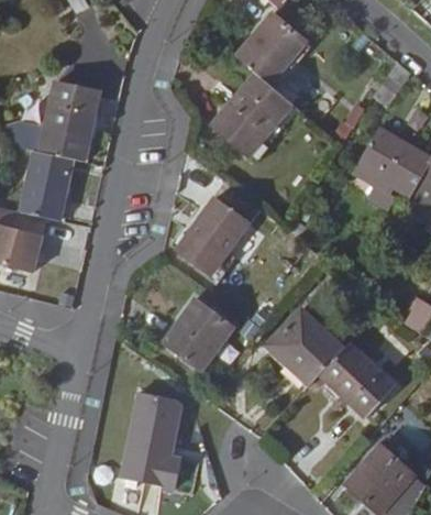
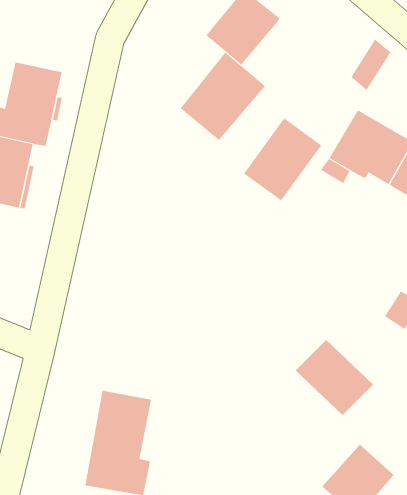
building: [175,196,250,275] -> [243,118,322,201]
building: [162,297,233,371] -> none
building: [267,308,344,385] -> none

